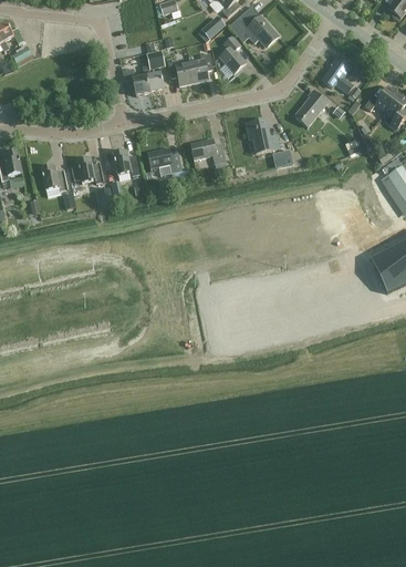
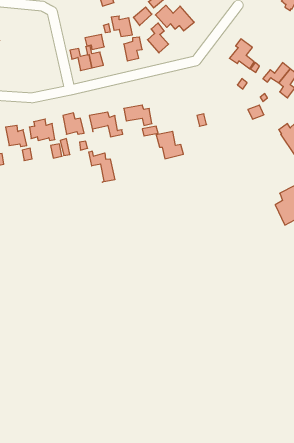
building: [167,59,194,84] -> [111,16,132,36]
building: [294,89,327,125] -> none
building: [244,117,279,152] -> [156,131,183,159]
building: none -> [89,151,115,182]

